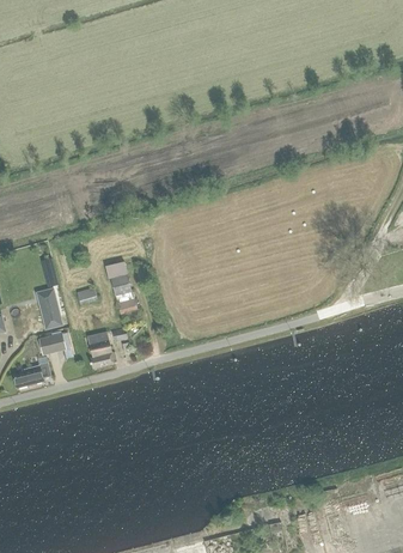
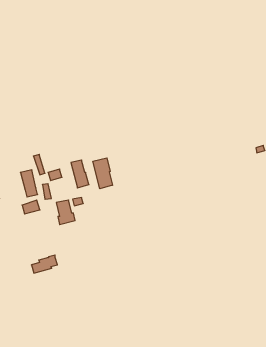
building: none -> [93,158,113,189]
building: [13,360,51,387] -> [31,255,57,273]

